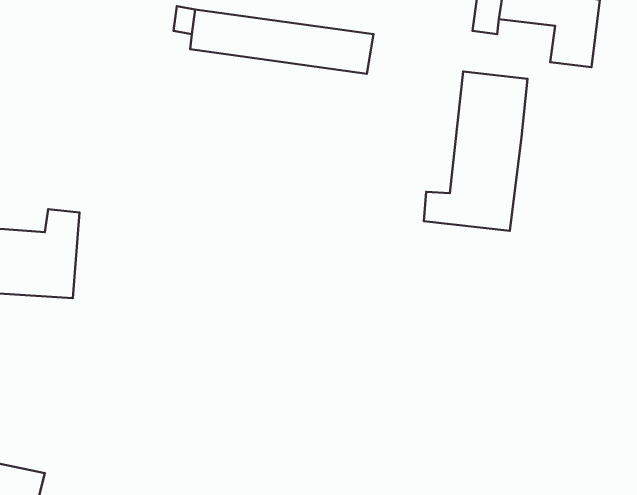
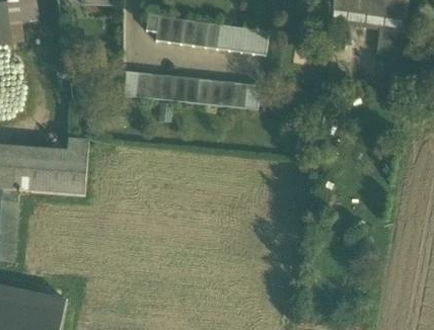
building: [424,72,528,231] -> none
building: none -> [123,70,260,107]

